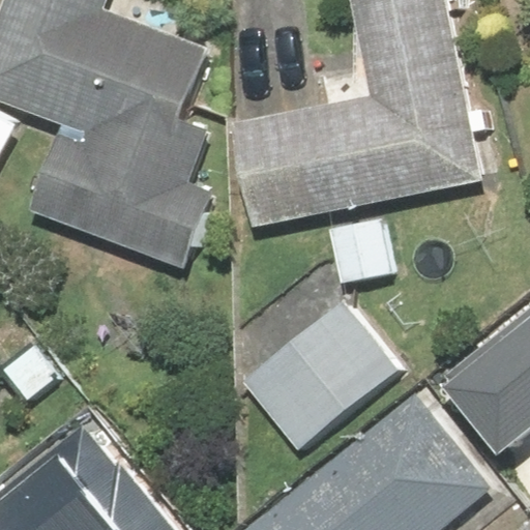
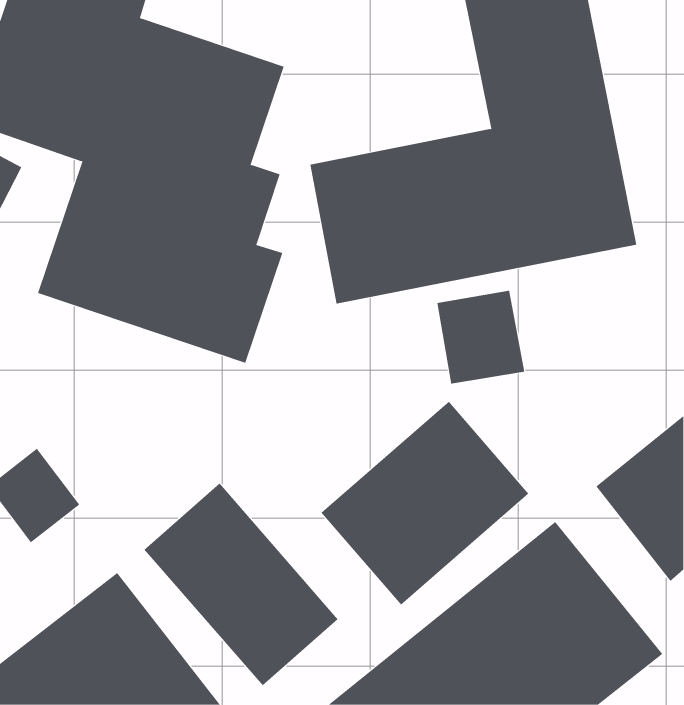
building: none -> [143,483,339,686]

